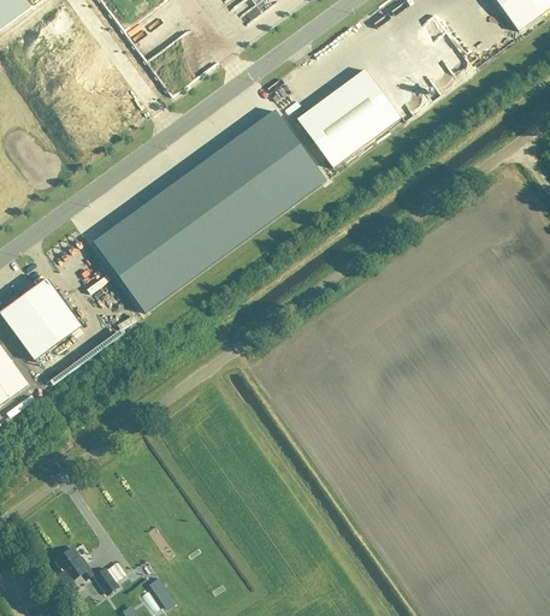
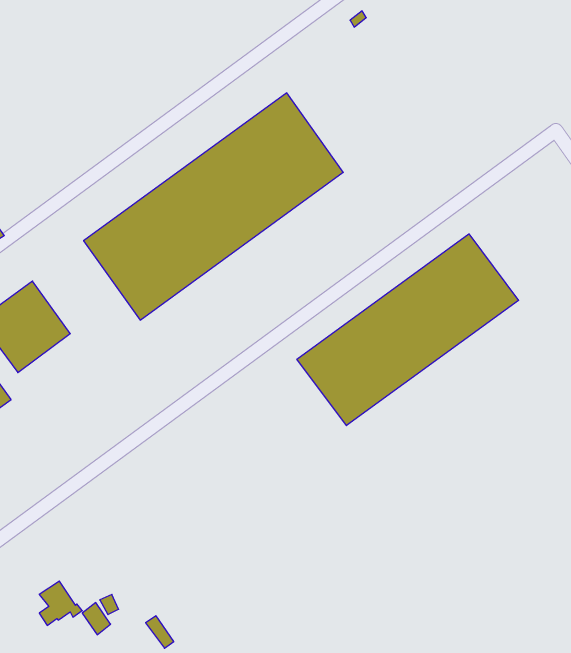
building: [296,69,400,167] -> none
building: none -> [297,234,519,426]

